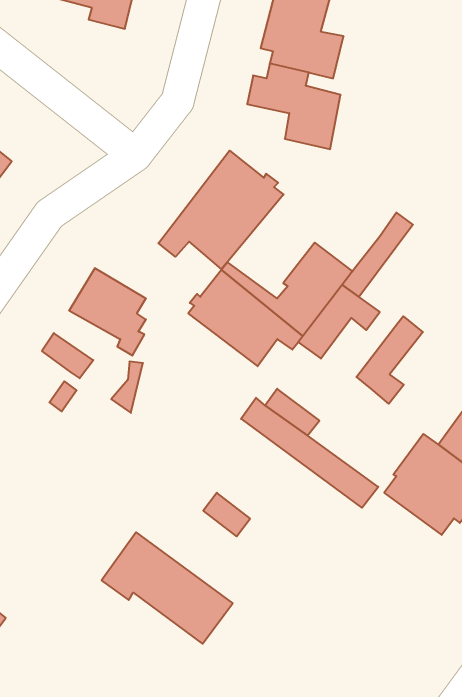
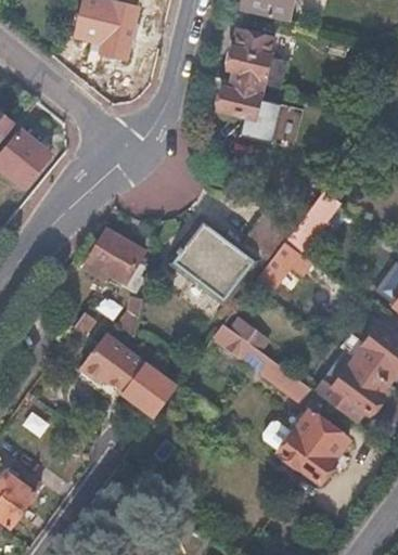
building: [158,151,284,269] -> none
building: [356,316,423,404] -> none
building: none -> [260,411,347,478]
building: [102,532,233,644] -> [81,335,176,415]

